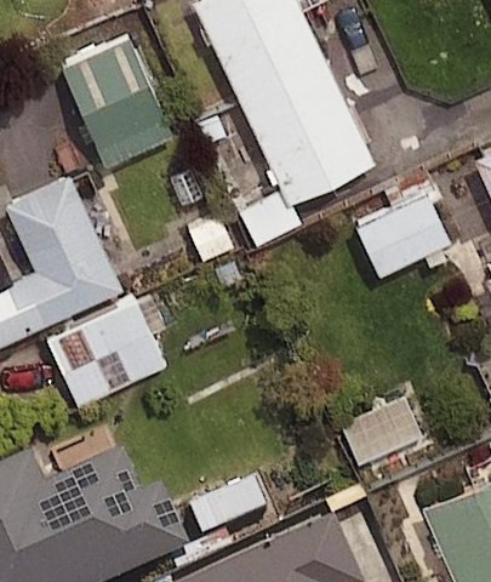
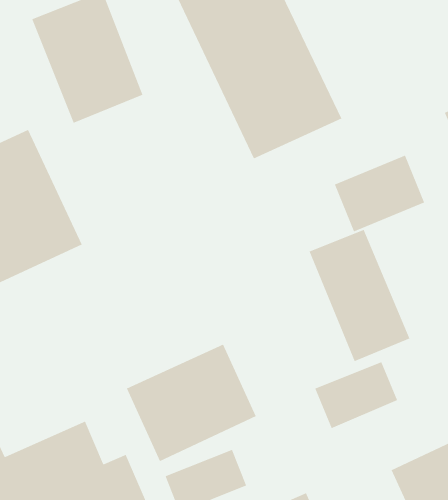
building: none -> [309,229,410,362]
building: [46,292,175,409] -> [126,344,257,462]

